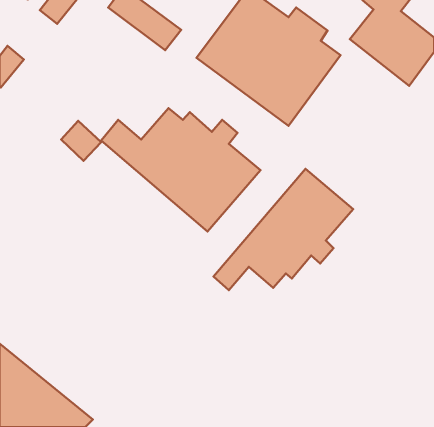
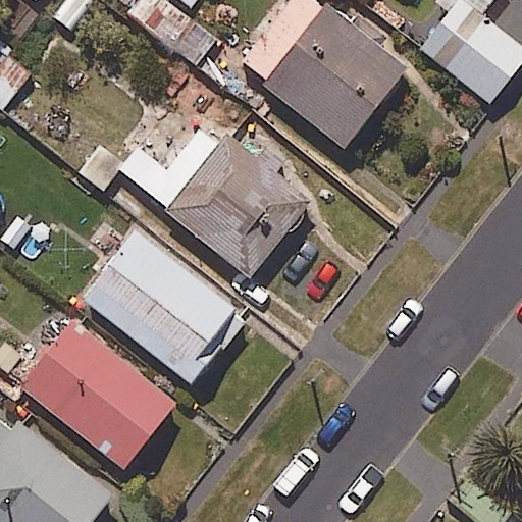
building: [214,169,353,290] -> none
building: none -> [82,230,244,384]
building: none -> [21,323,176,471]

